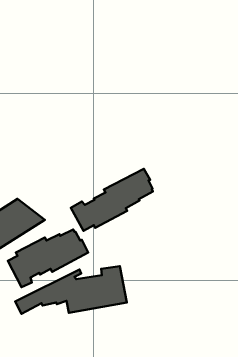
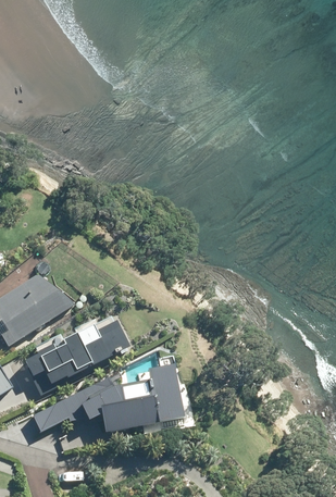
building: [71,169,153,231] -> none

